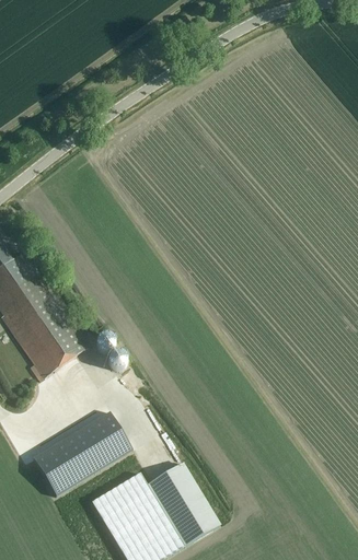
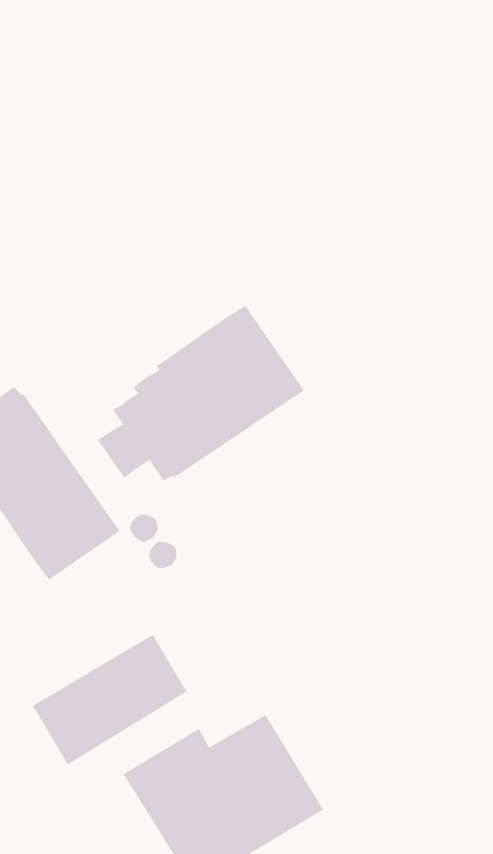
building: none -> [97,305,305,481]

